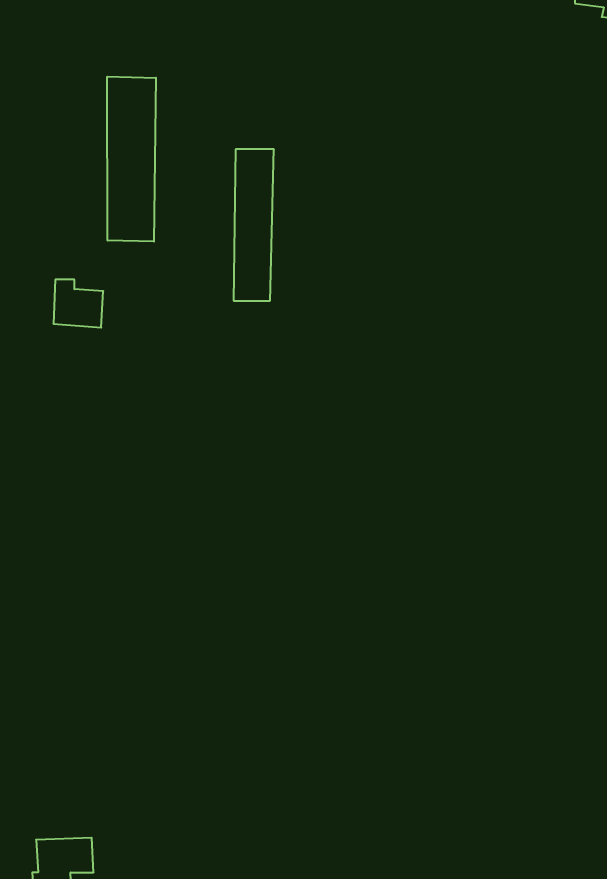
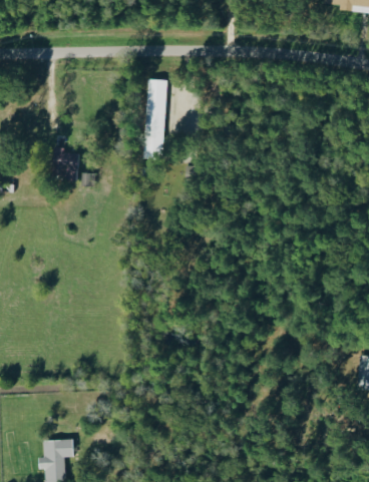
building: [107,77,156,242] -> none

